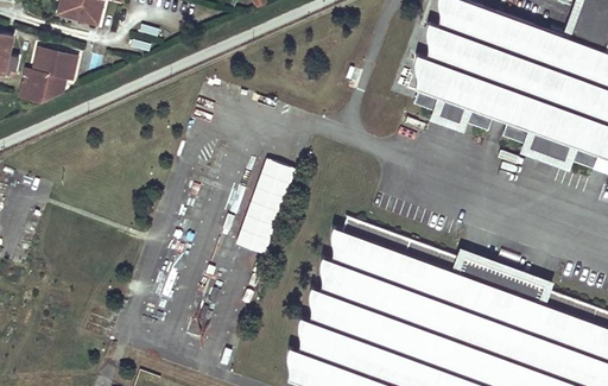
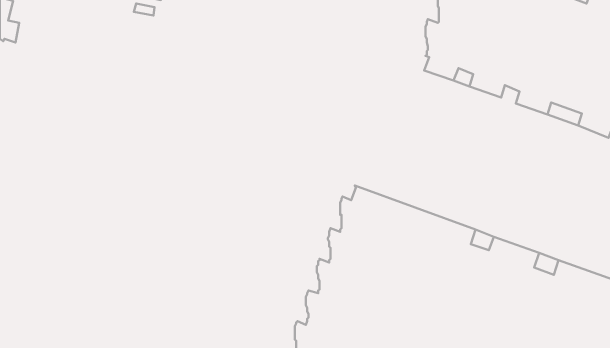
building: [20,49,77,102] -> none
building: [236,156,296,253] -> none

